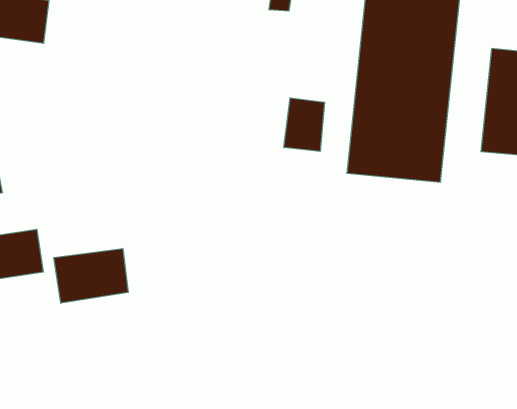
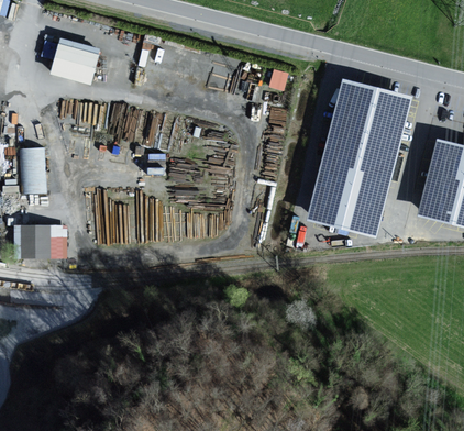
building: [284,98,325,151] -> none
building: [54,248,128,303] -> none

